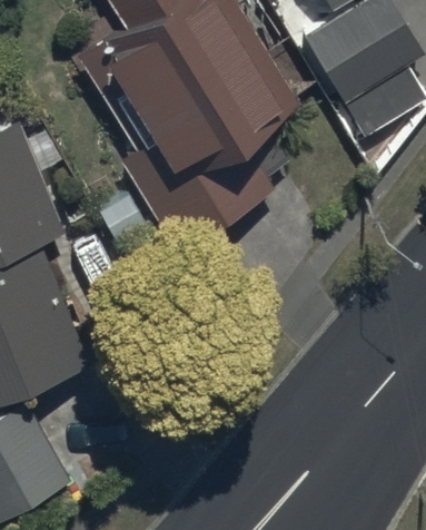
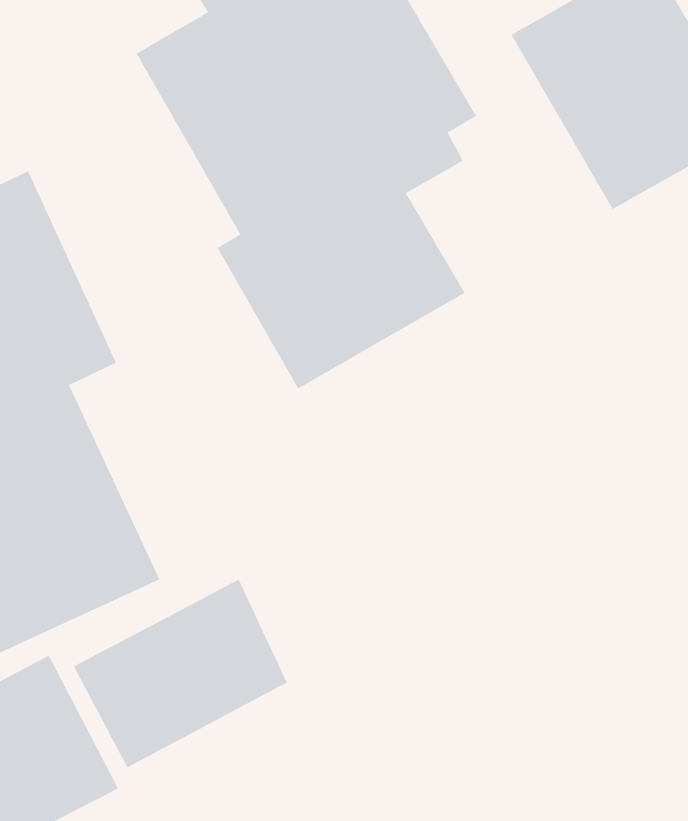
building: none -> [73,579,287,768]

